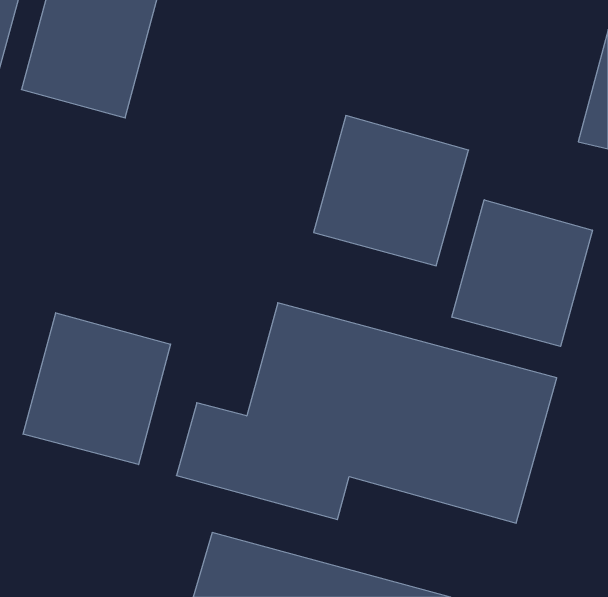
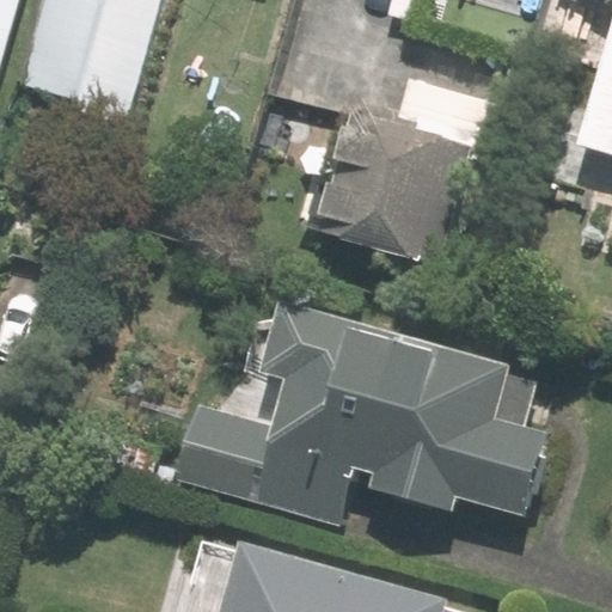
building: [452,200,592,346] -> none
building: [23,313,171,465] -> none

